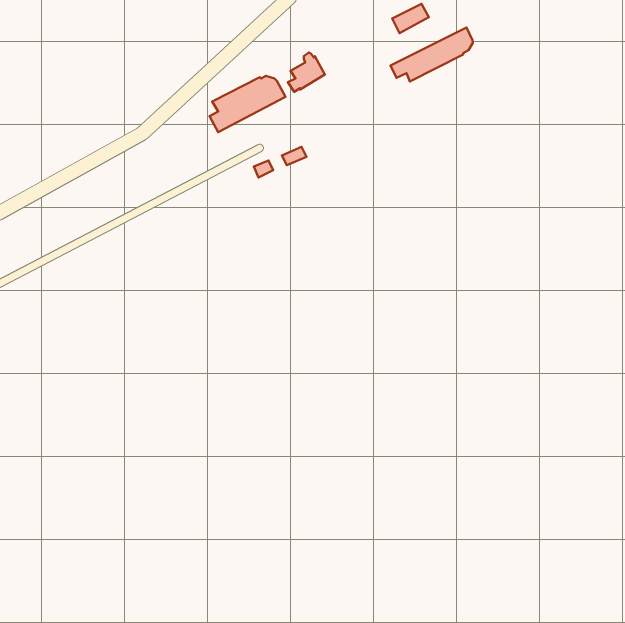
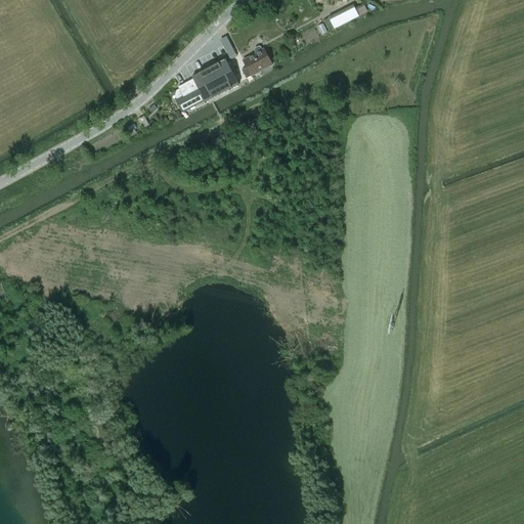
building: [391,28,473,82] -> none

